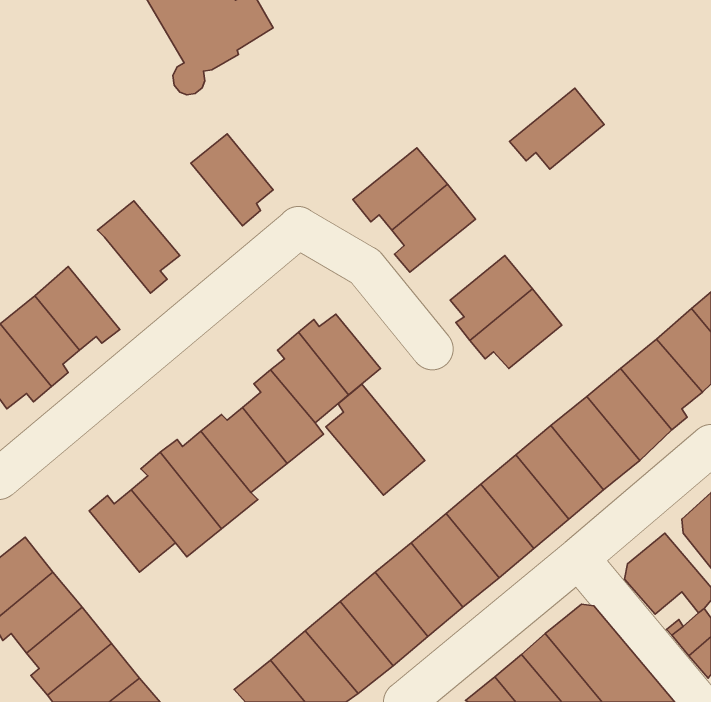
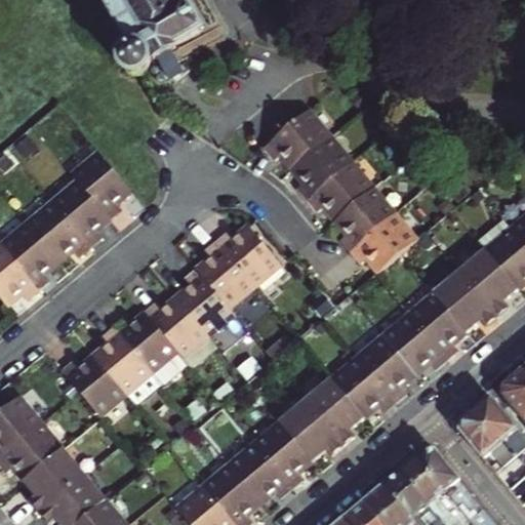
building: [509,88,604,169] -> [301,161,371,220]
building: [191,134,273,226] -> [50,174,111,242]
building: [326,384,425,495] -> none

